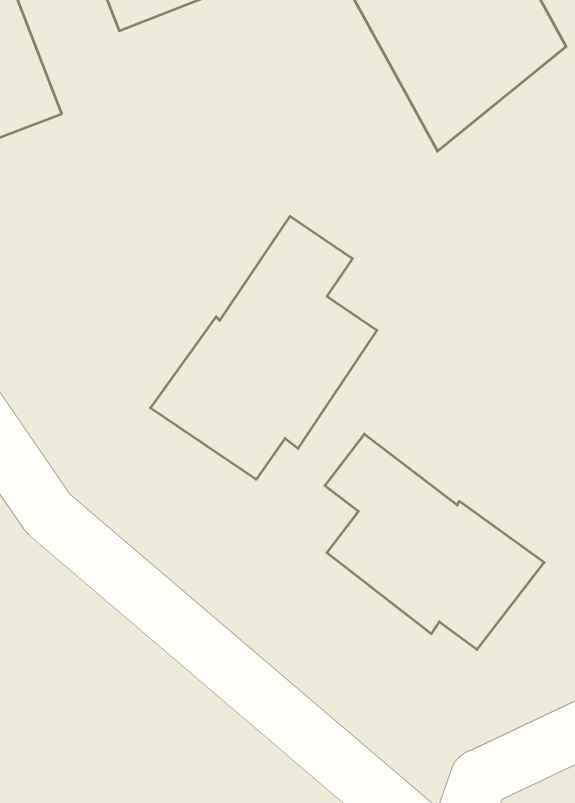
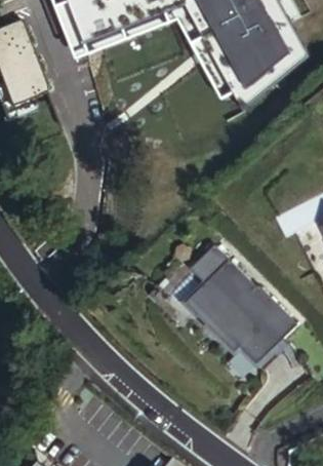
building: [150,216,377,479] -> none

